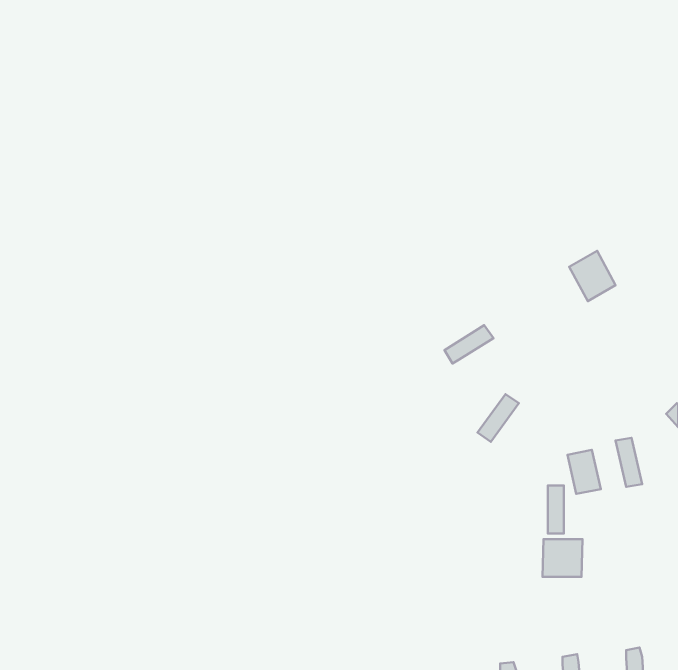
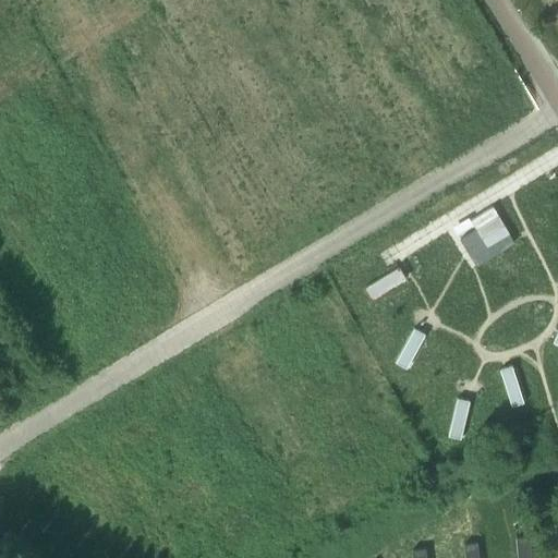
building: [567,450,601,494] -> none
building: [543,539,582,577] -> none

